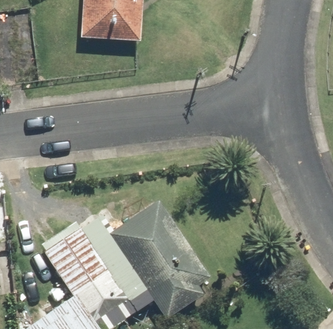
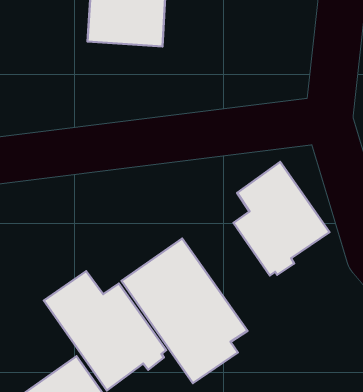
building: none -> [234,162,329,275]

